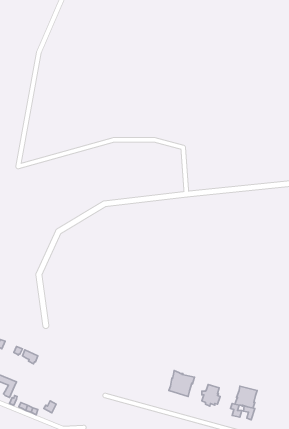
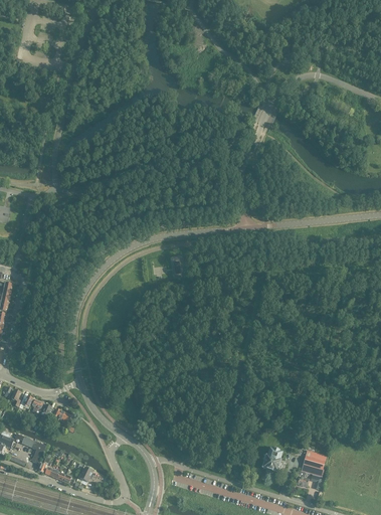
building: [169,371,194,397] -> none

